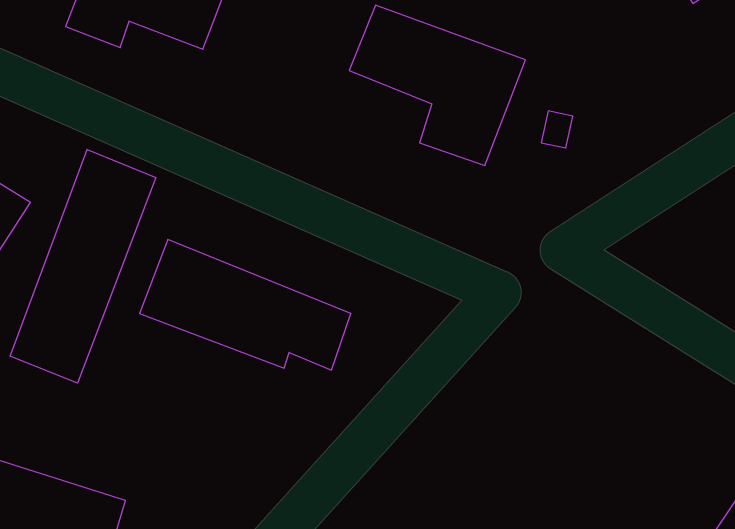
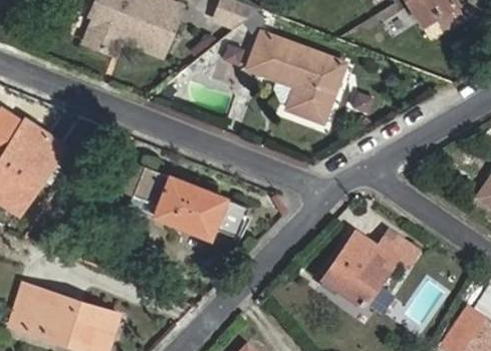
building: [10,149,156,383] -> none
building: none -> [320,232,416,311]

